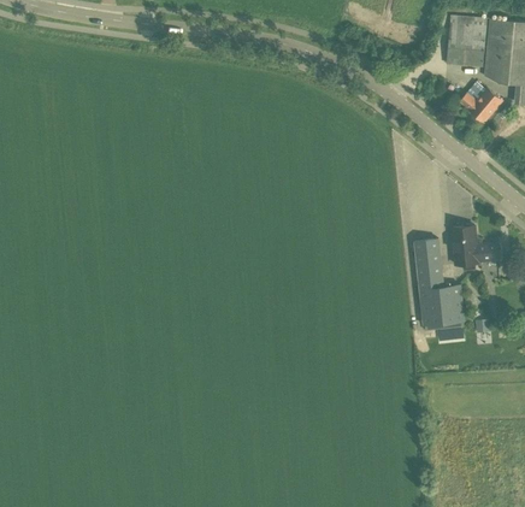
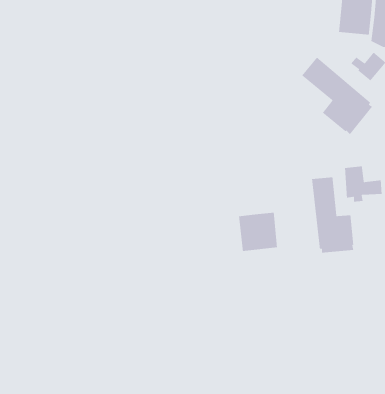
building: none -> [301,57,373,135]
building: none -> [238,212,278,252]

